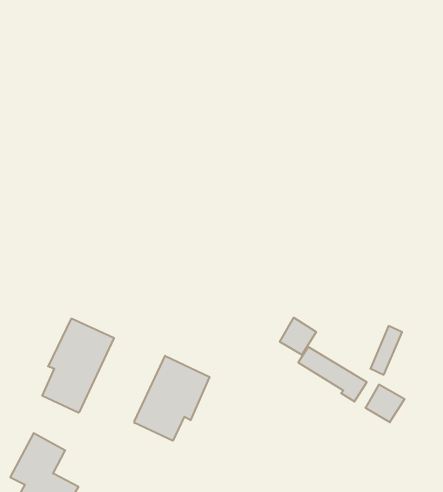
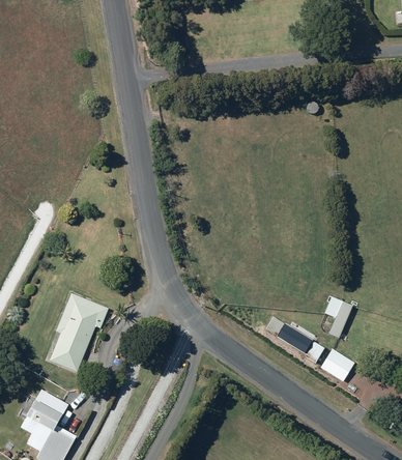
building: [280,318,316,355] -> none
building: [134,356,210,441] -> none

